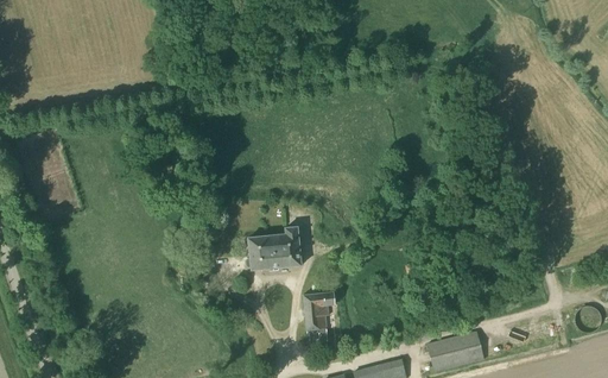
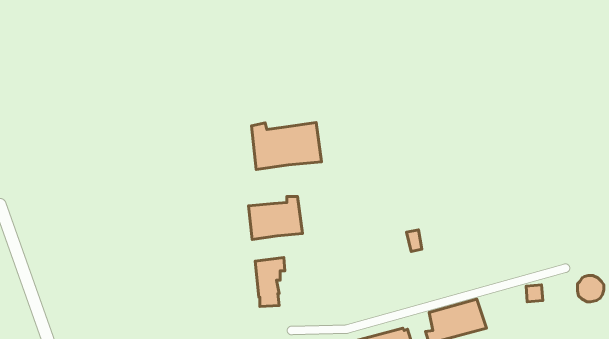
building: none -> [251,123,321,169]
building: [304,292,334,341] -> [255,258,285,307]

